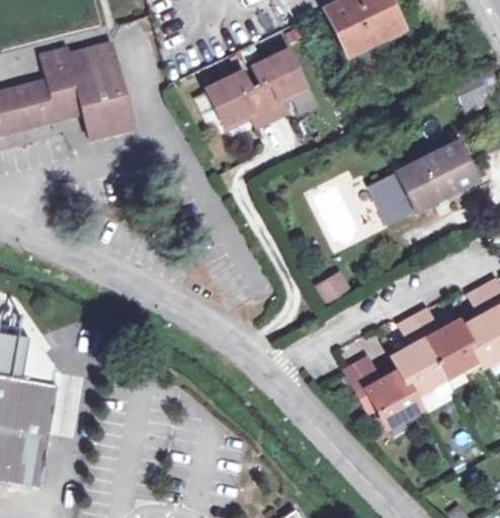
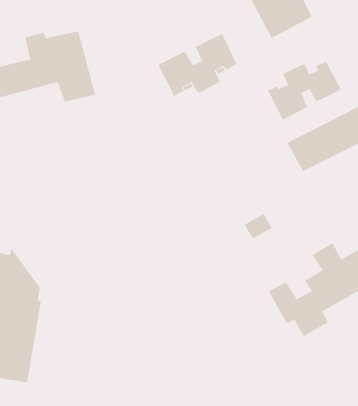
building: none -> [268,61,342,120]

